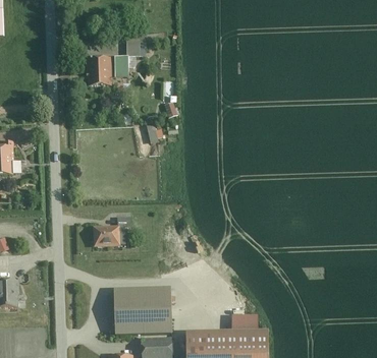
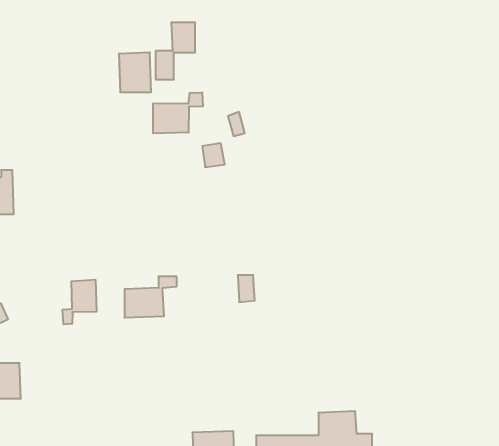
building: none -> [153,92,203,133]
building: none -> [63,280,97,324]
building: [115,288,170,330] -> none

